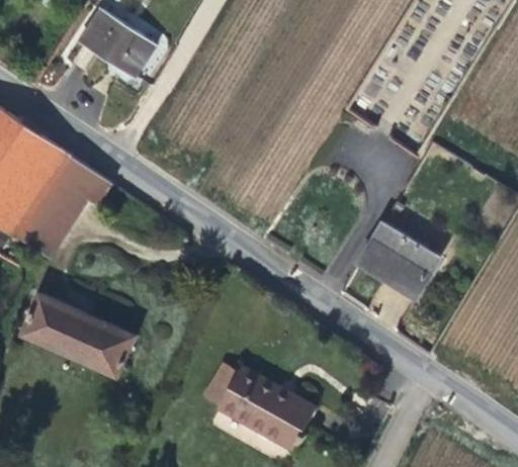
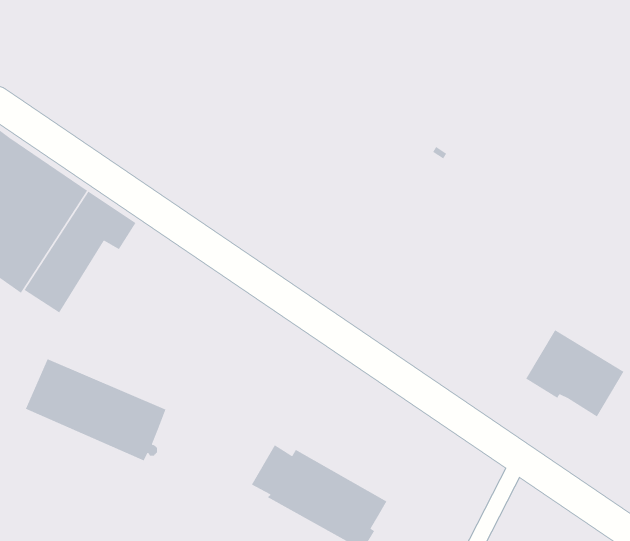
building: [79,6,155,76] -> none
building: [357,222,438,294] -> [525,329,624,417]

